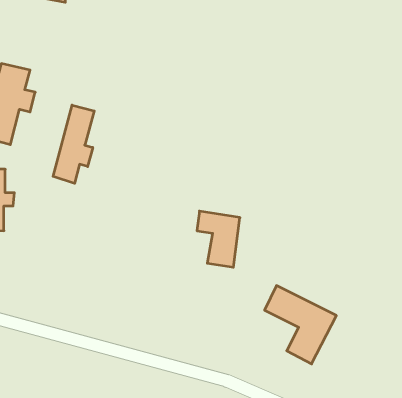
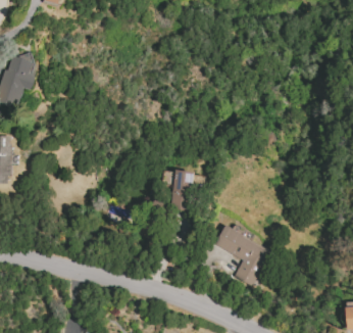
building: [53,105,94,183] -> none

